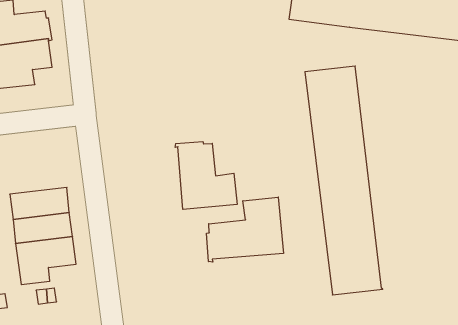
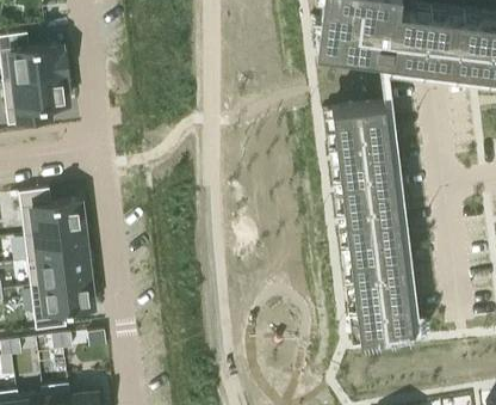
building: [175,142,237,209] -> none
building: none -> [19,188,83,234]
building: [207,197,283,262] -> none

